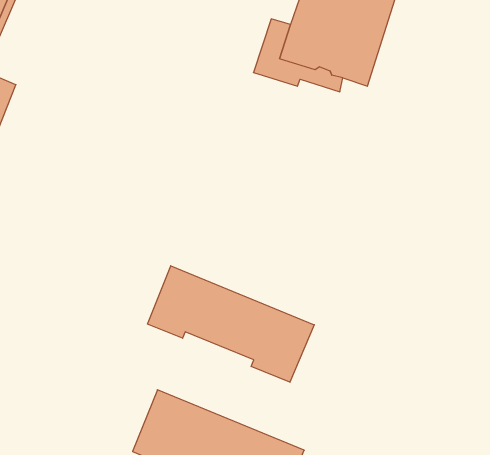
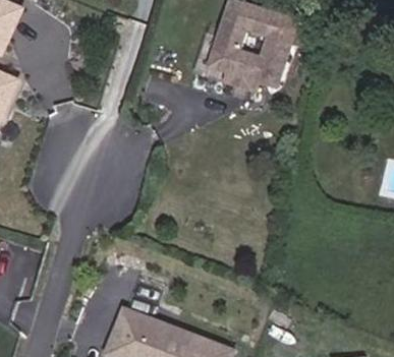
building: [147,266,314,382] -> none

